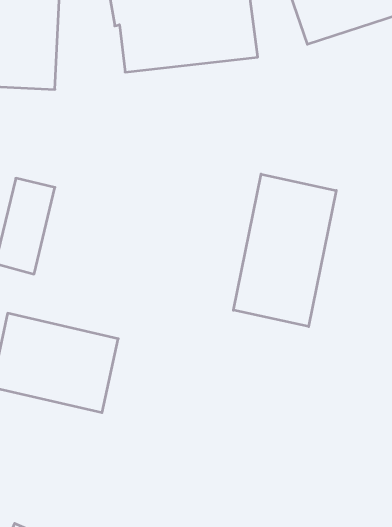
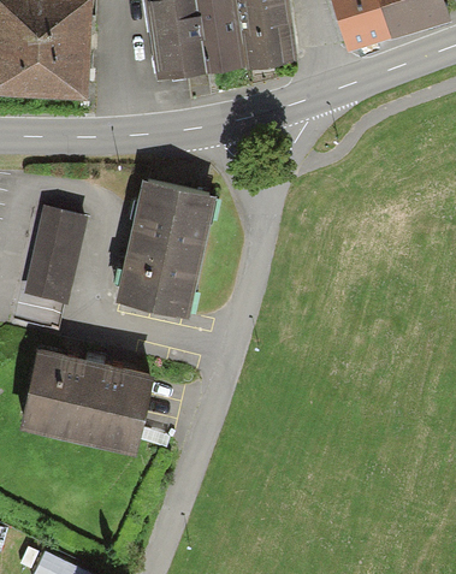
building: none -> [118,171,214,309]
building: [233,174,336,327] -> none

